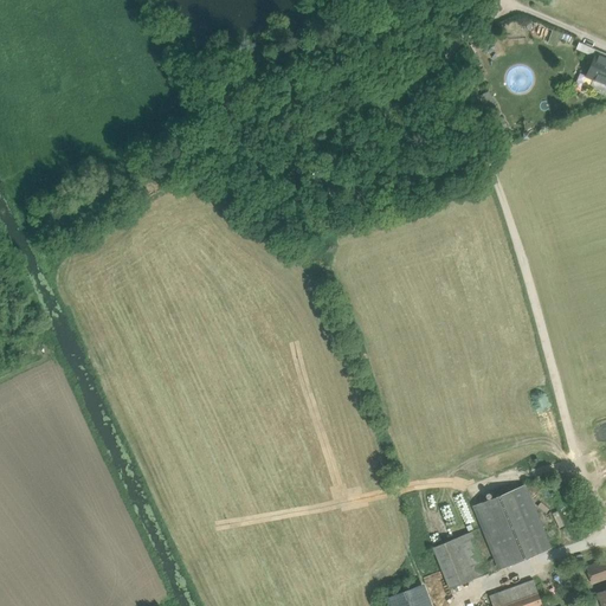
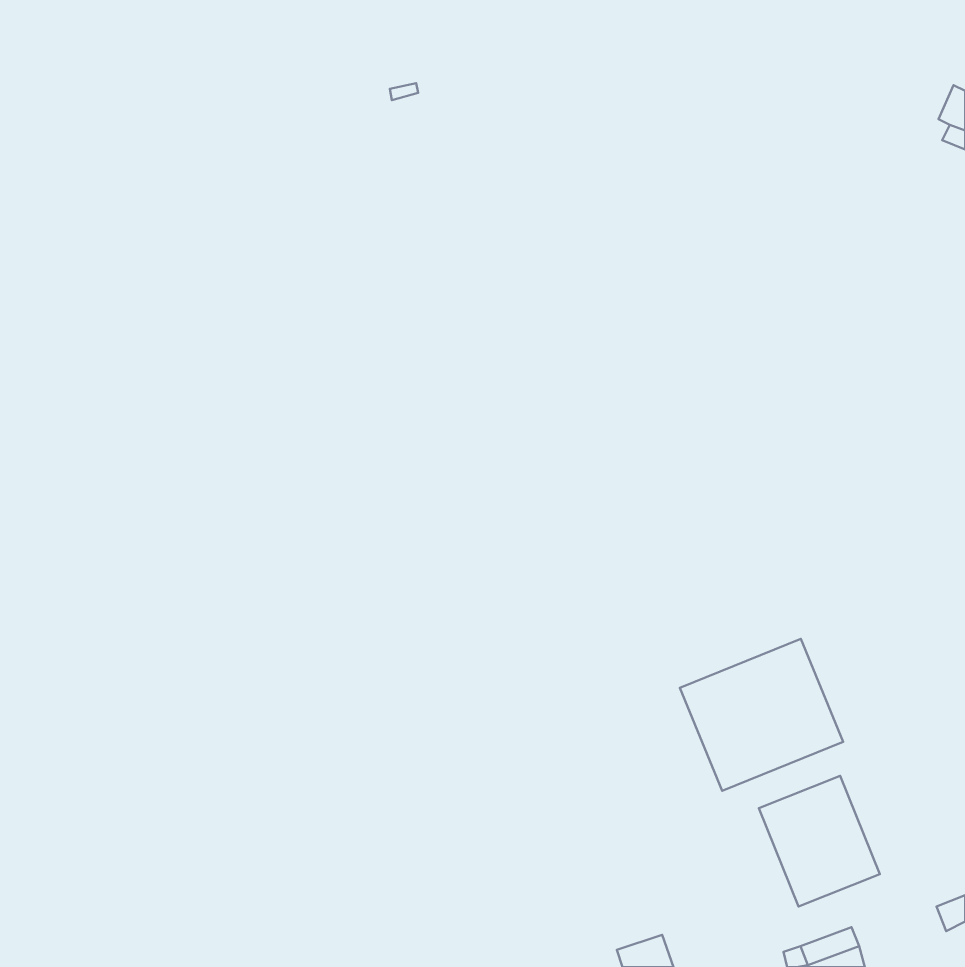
building: none -> [680,639,843,791]
building: [432,531,489,588] -> none

